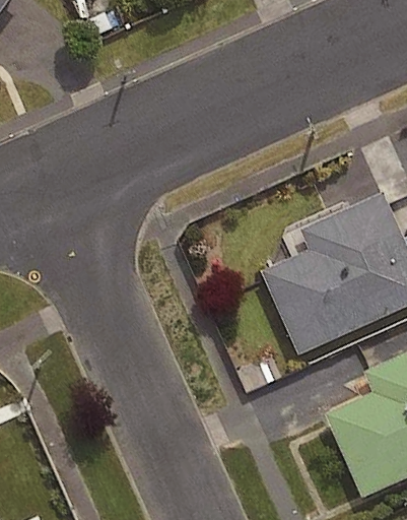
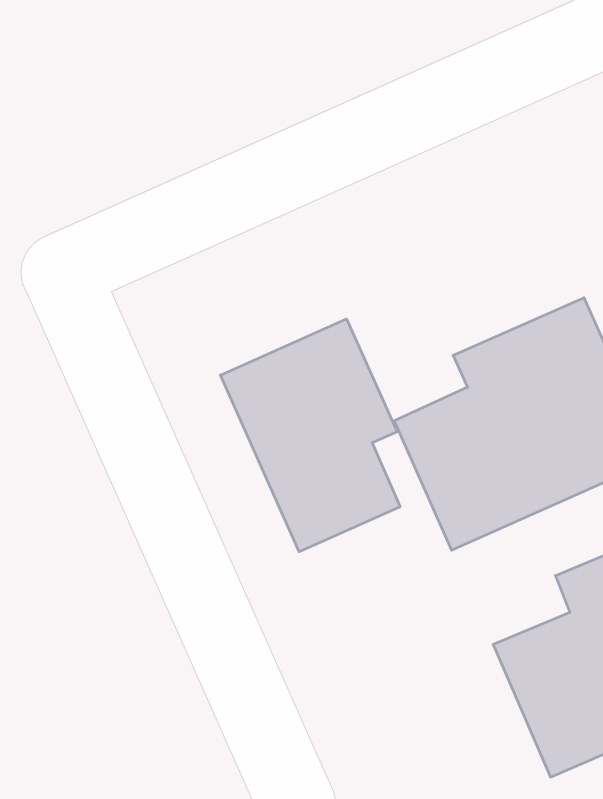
building: none -> [220,319,400,552]

